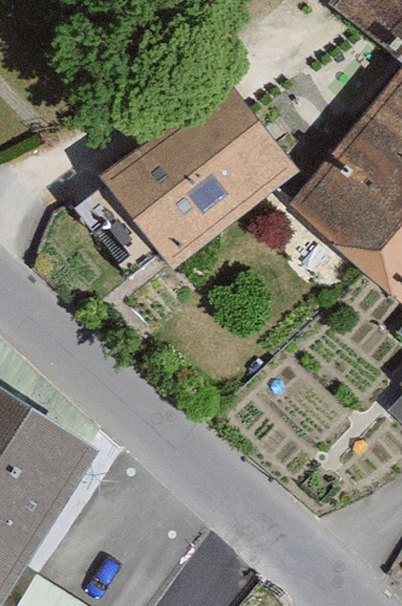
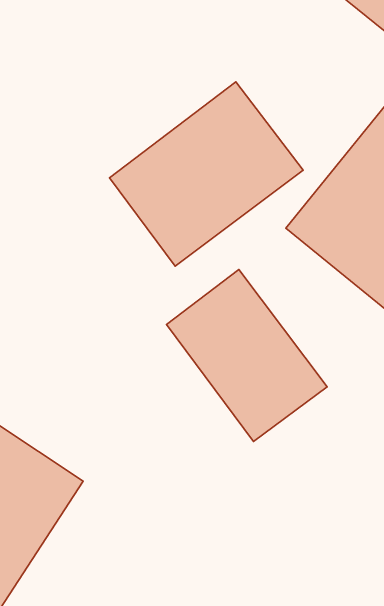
building: none -> [166,270,327,442]

